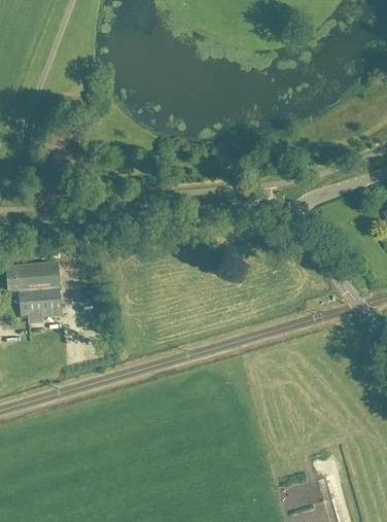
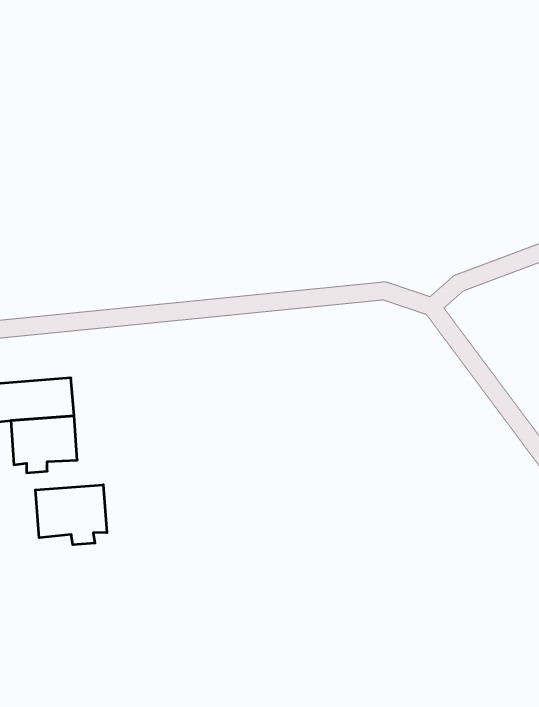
building: none -> [35,485,107,545]

